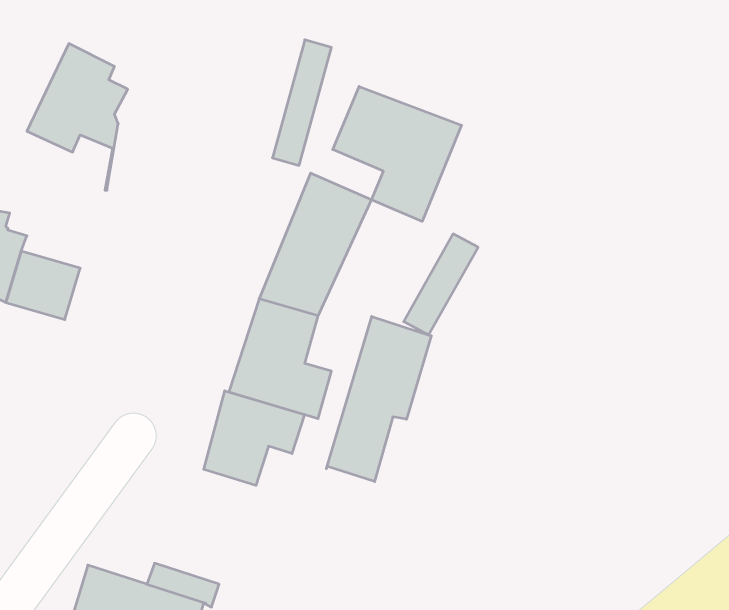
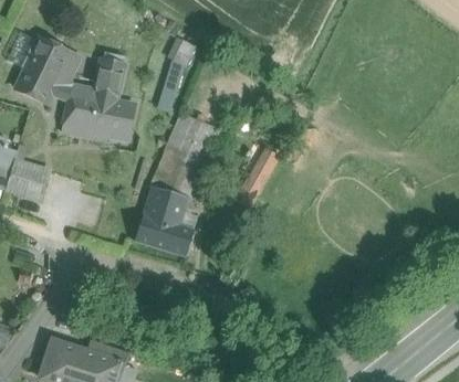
building: none -> [61,61,134,140]
building: [333,86,462,221] -> none
building: [326,316,431,482] -> none
building: [204,391,304,485] -> none

